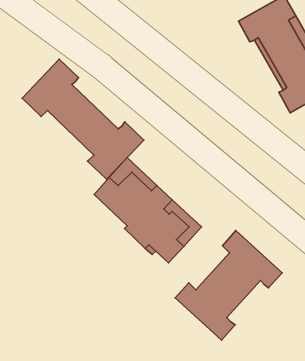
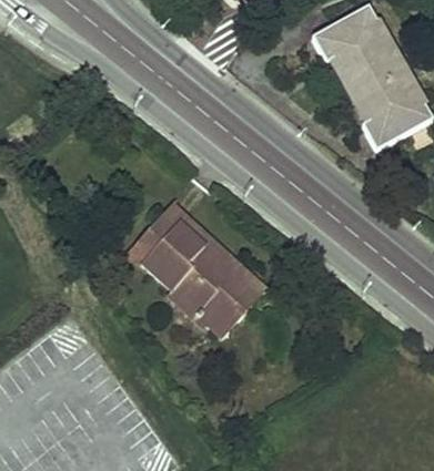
building: [22,59,144,179] -> none
building: [175,231,282,340] -> none

